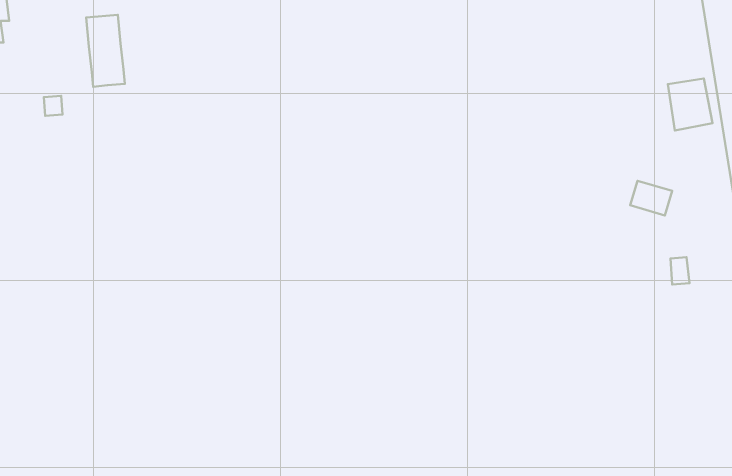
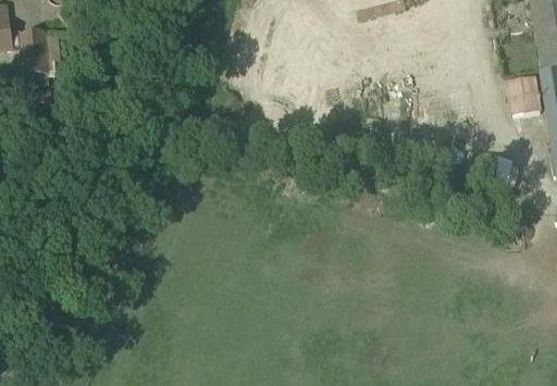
building: [86,15,125,87] -> [21,29,50,84]

